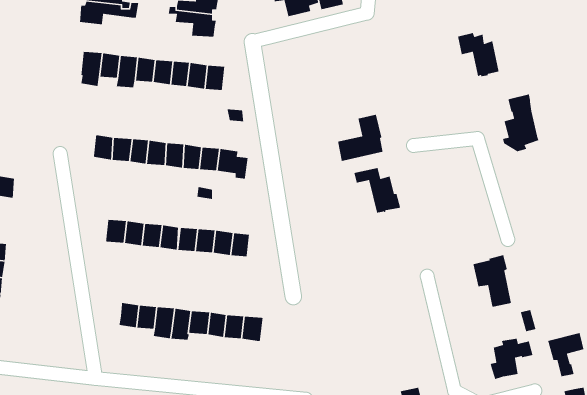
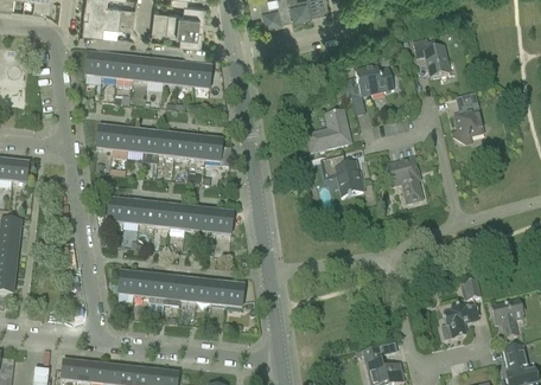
building: none -> [346,65,394,100]
building: [472,254,512,308] -> [387,155,421,201]

